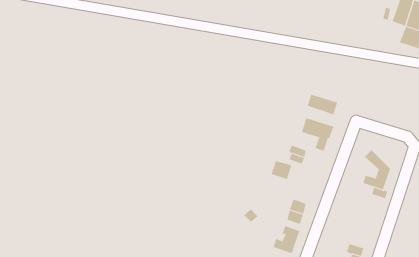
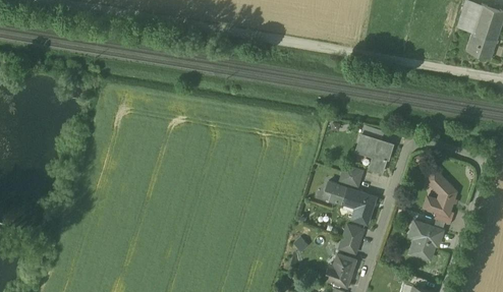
building: [307,94,338,115] -> none
building: none -> [344,188,376,224]
building: none -> [411,222,442,258]

